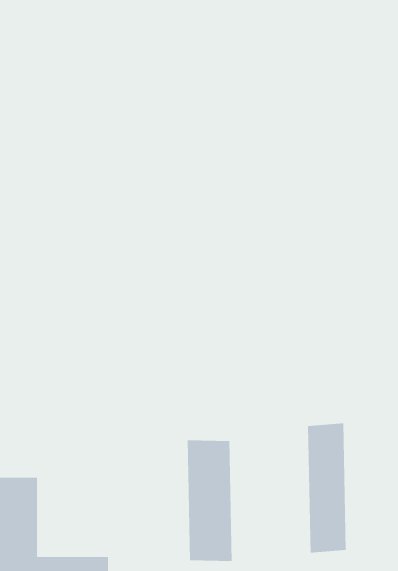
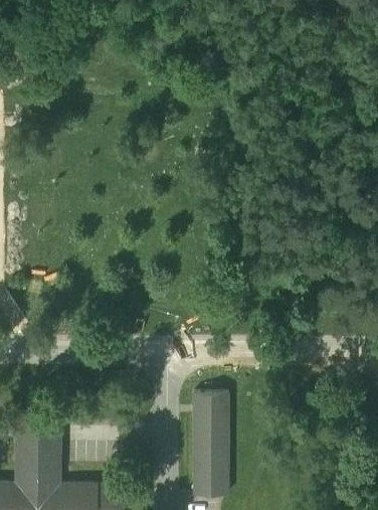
building: [307,423,347,553] -> none

